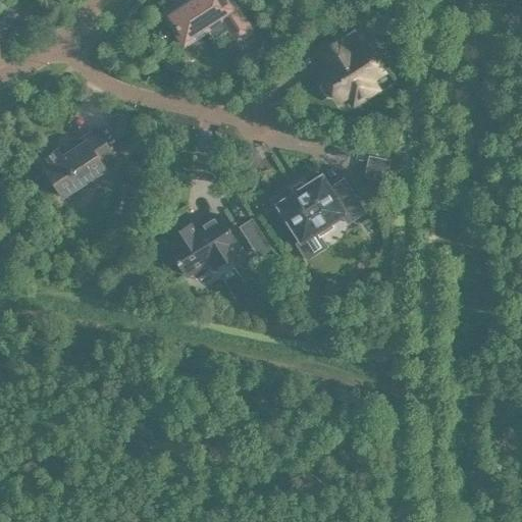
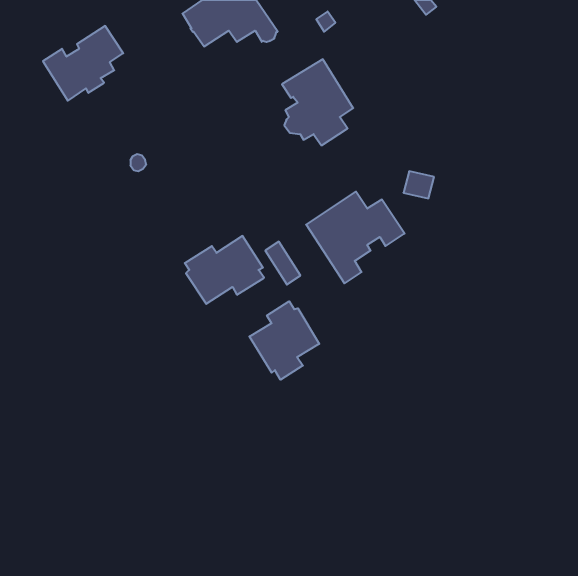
building: [318,29,382,106] -> [282,59,353,145]
building: [41,130,113,198] -> [43,26,123,101]
building: none -> [249,301,319,380]

